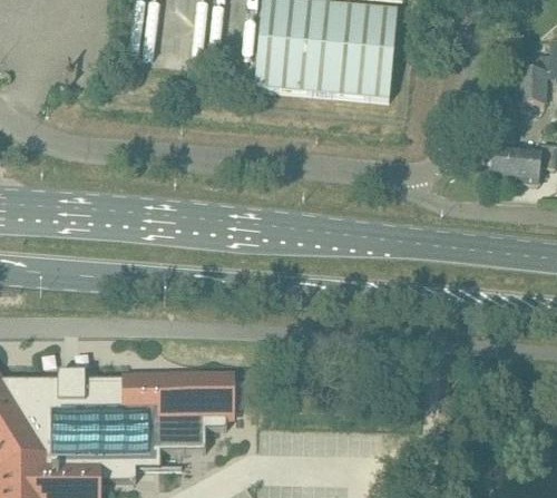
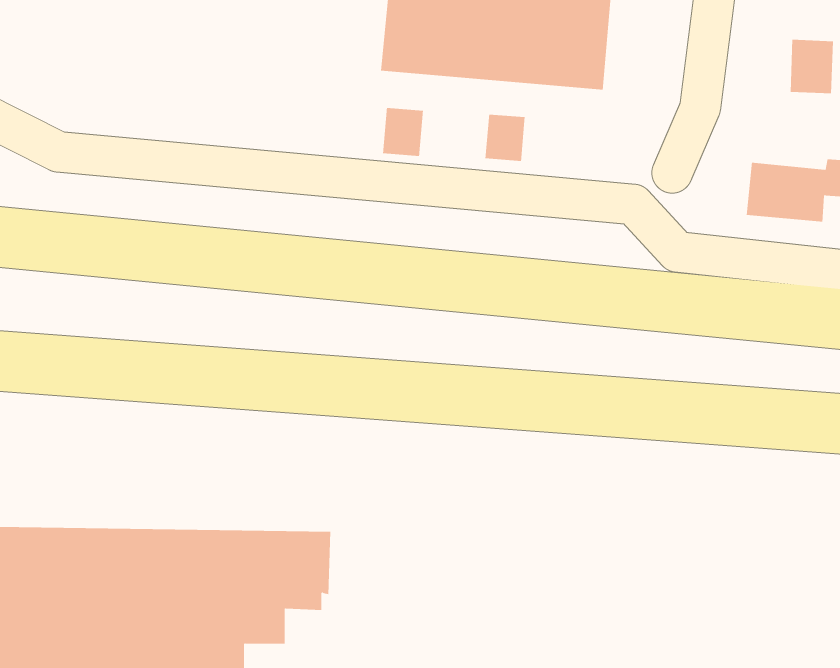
building: none -> [383,107,423,157]
building: none -> [485,114,525,162]

